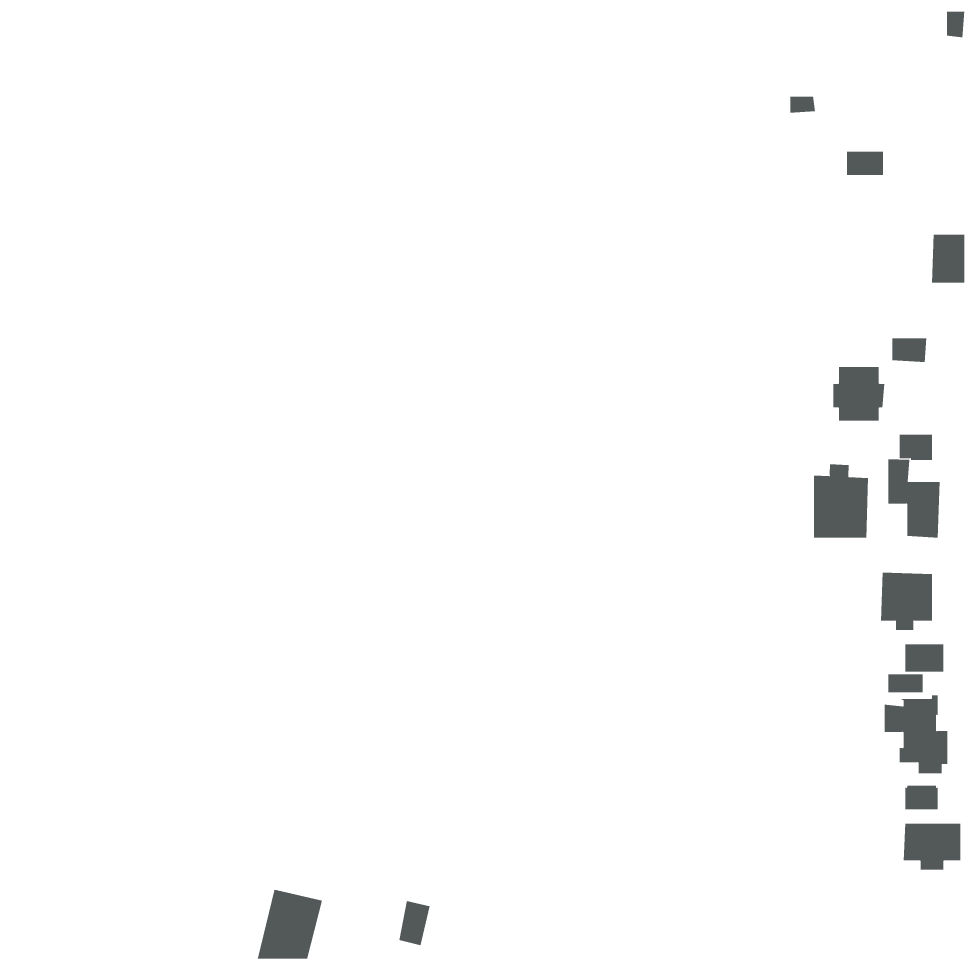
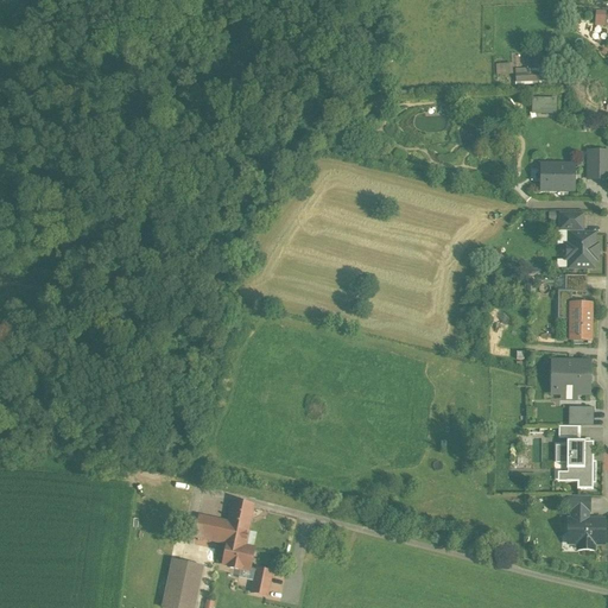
building: none -> [539,160,575,190]
building: [832,366,885,421] -> [565,232,598,266]
building: [814,463,869,539] -> none
building: none -> [196,502,256,571]

